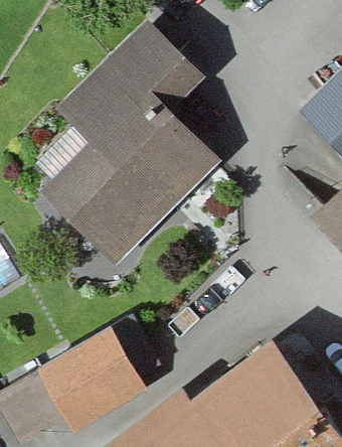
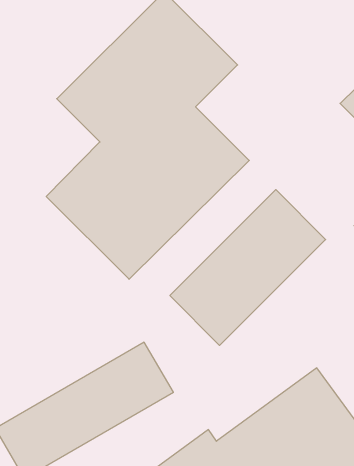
building: none -> [170,190,326,345]

